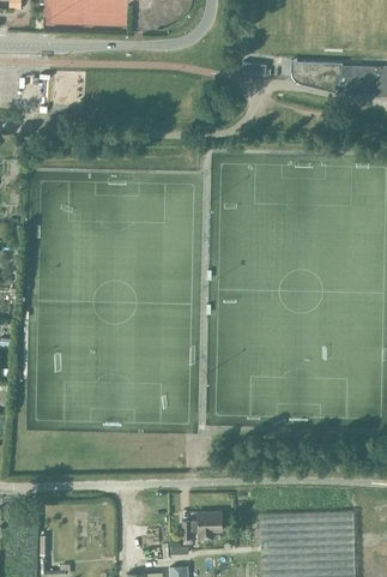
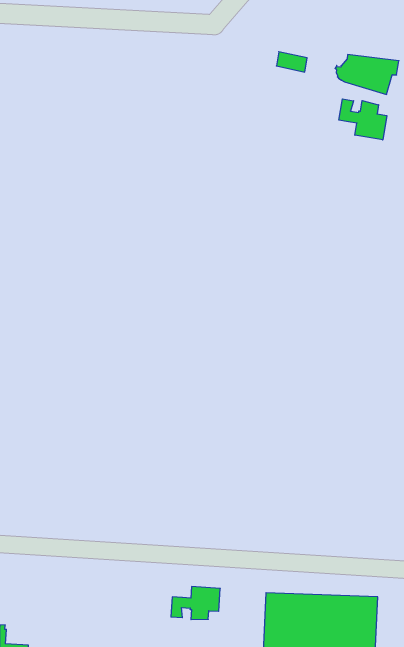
building: none -> [339,99,387,140]

